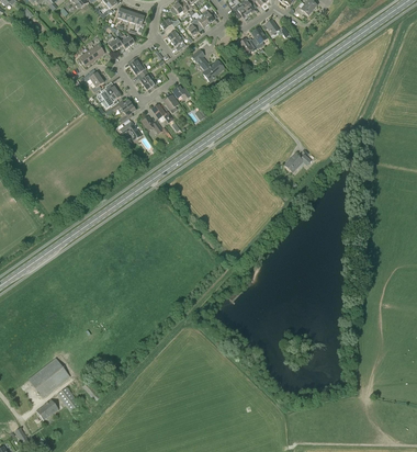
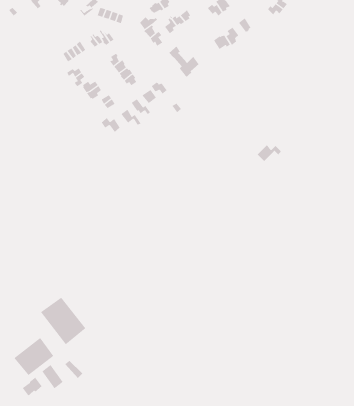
building: none -> [40,297,86,345]

